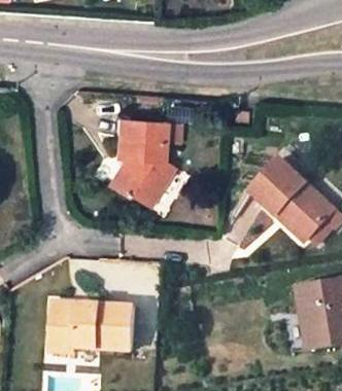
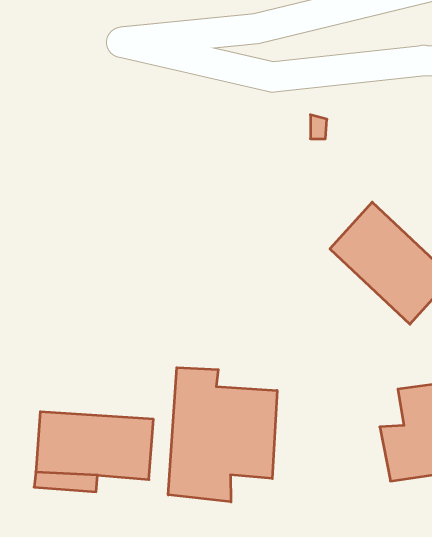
building: [111,118,180,209] -> none
building: none -> [168,368,277,502]

